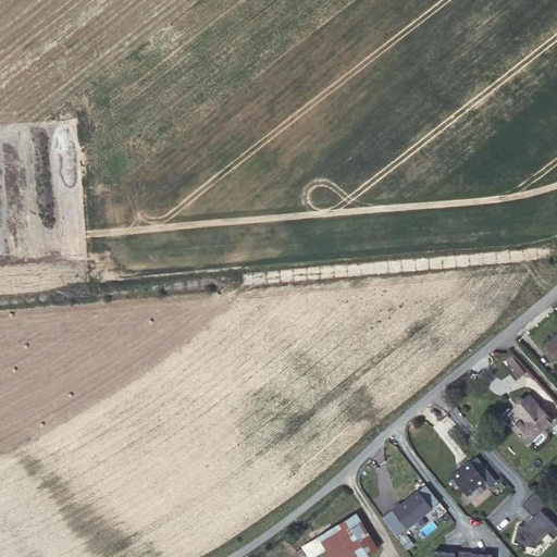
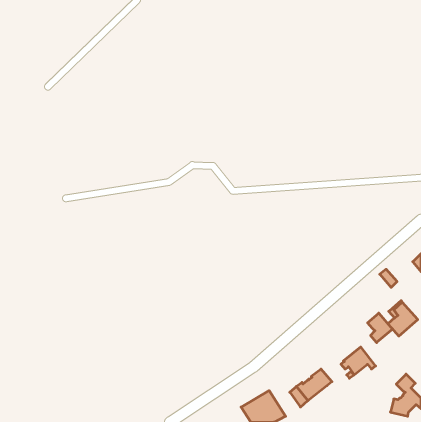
building: none -> [368,313,393,343]

